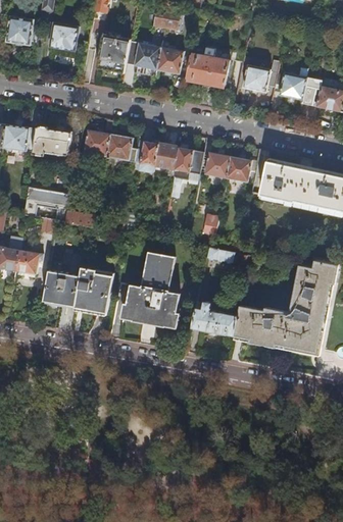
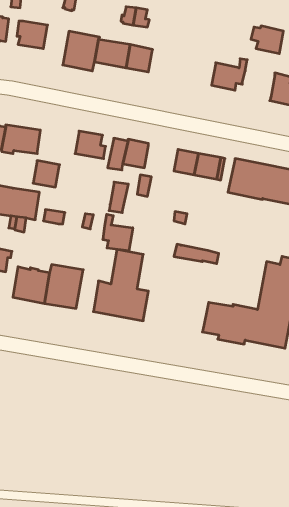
building: [187,54,230,87] -> none
building: [274,72,306,100] -> [251,26,283,54]
building: [84,129,110,156] -> [33,161,60,187]
building: [175,148,194,178] -> [109,182,128,213]
building: none -> [103,214,133,251]
building: [193,301,238,335] -> none

